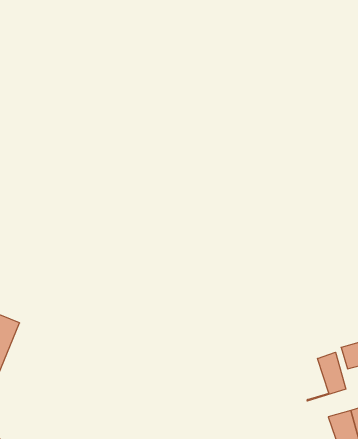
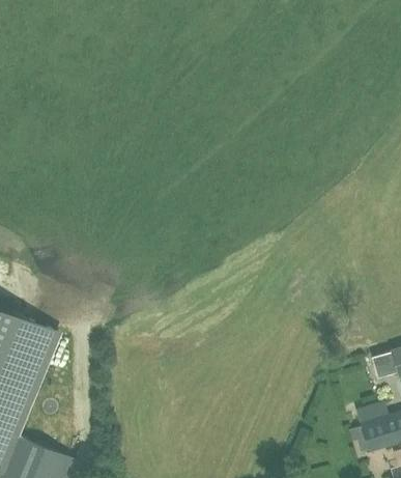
building: [307,352,346,401] -> none

